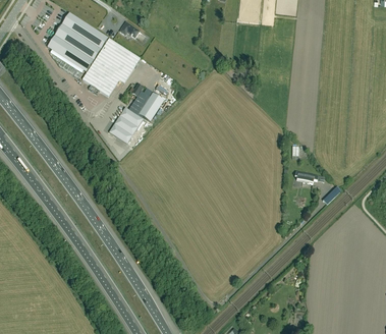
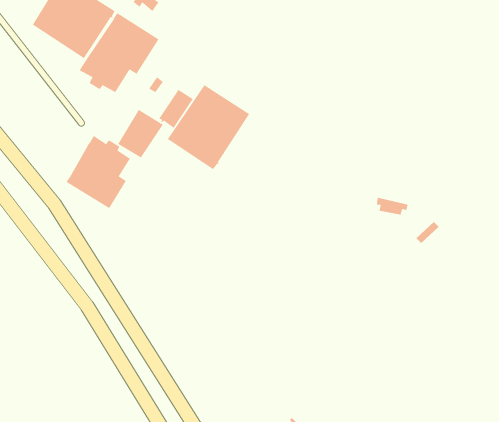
building: none -> [167,84,250,170]
building: none -> [66,135,131,209]

